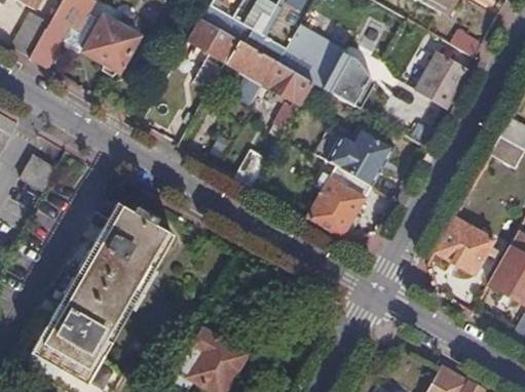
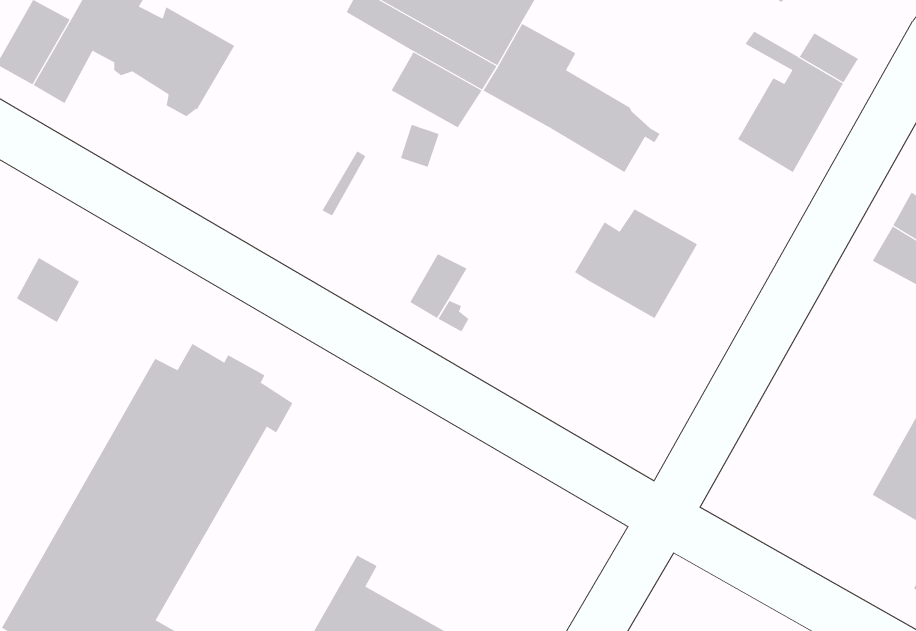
building: [188,18,238,90] -> none
building: [263,62,313,127] -> none
building: [306,166,371,238] -> none
building: [434,217,497,275] -> none

